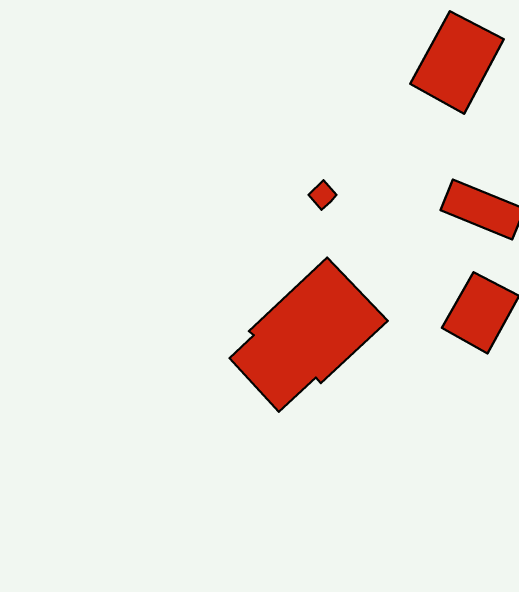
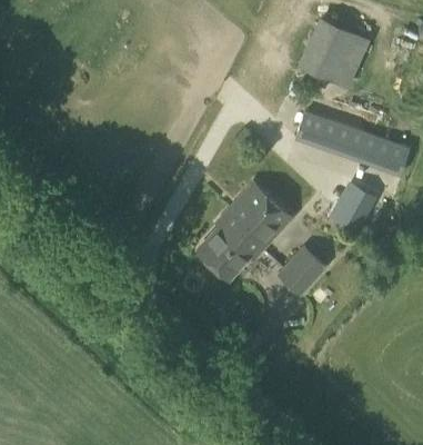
building: none -> [296,113,329,148]
building: none -> [283,249,329,295]

